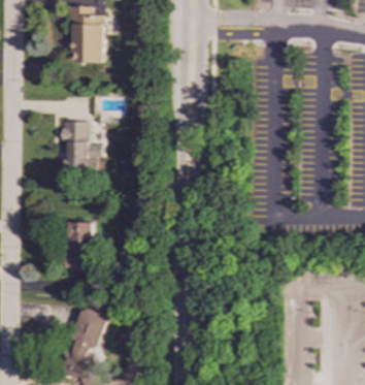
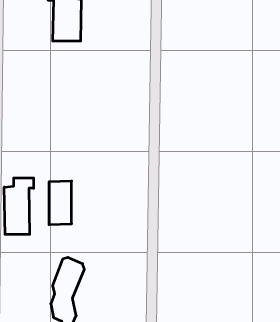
building: [62,120,101,171] -> none
building: none -> [4,178,34,234]

